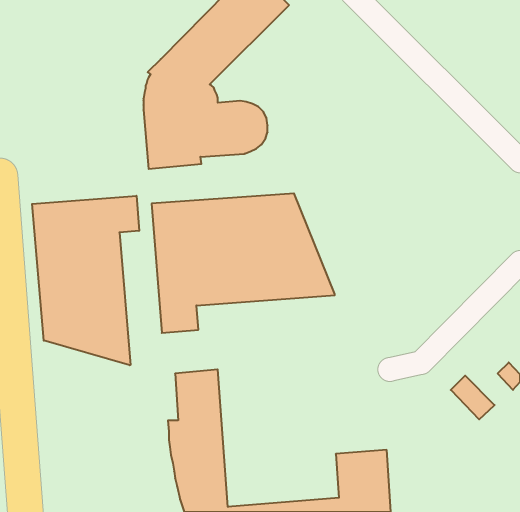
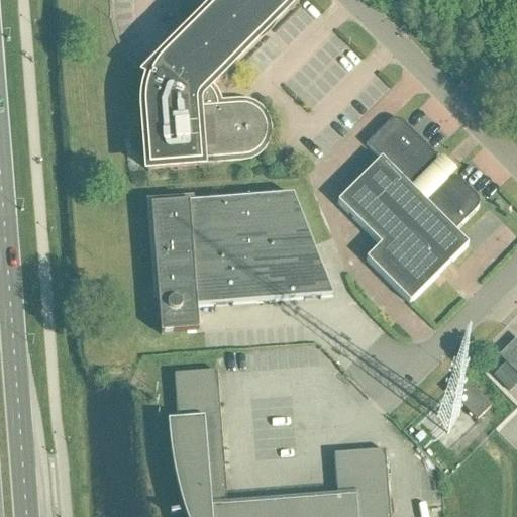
building: none -> [337,115,478,299]
building: [32,196,139,365] -> none

